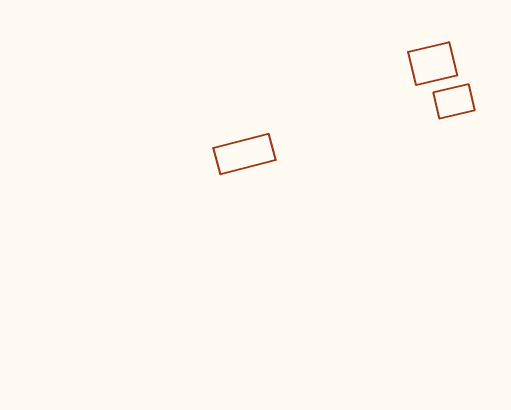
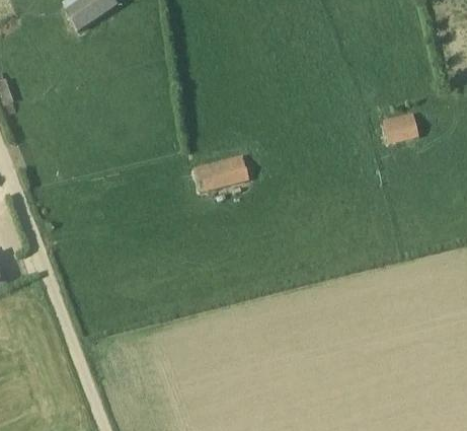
building: [408,42,457,85] -> none

